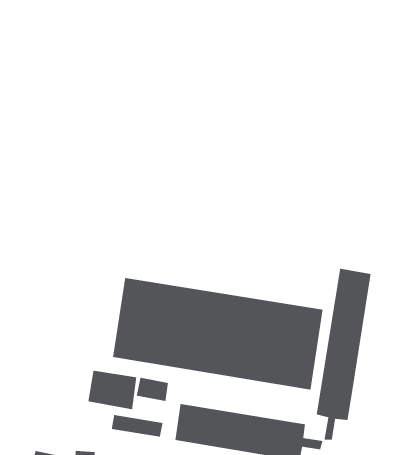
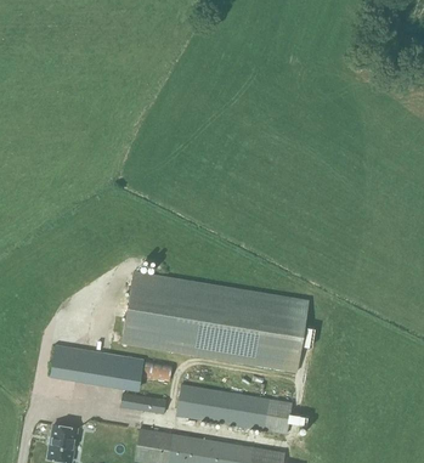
building: [316,268,372,440] -> none
building: none -> [52,346,87,400]

